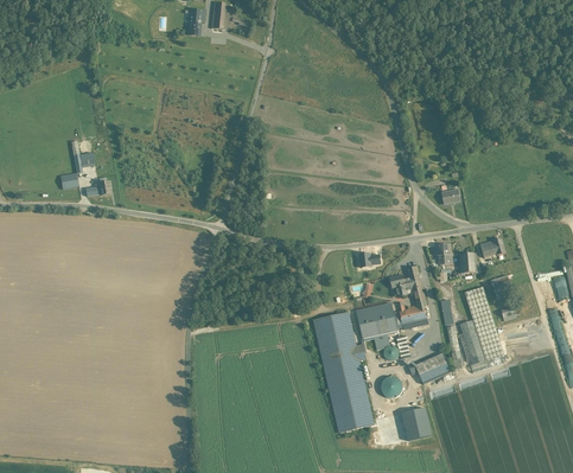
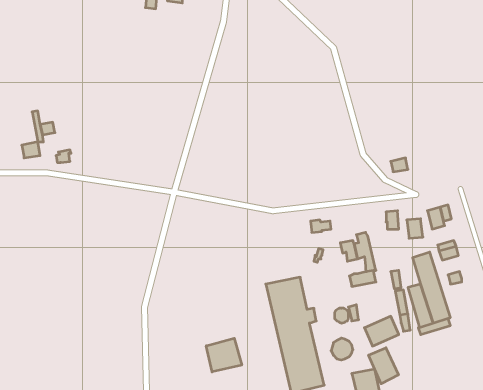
building: [357,302,397,339] -> none
building: none -> [206,338,242,372]
building: none -> [369,348,398,384]

